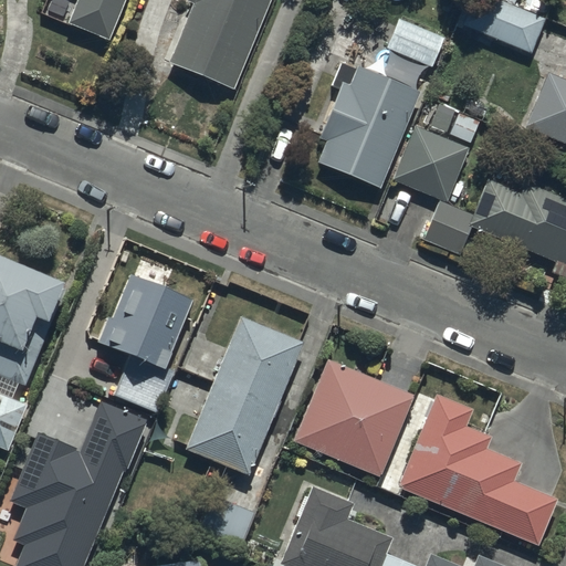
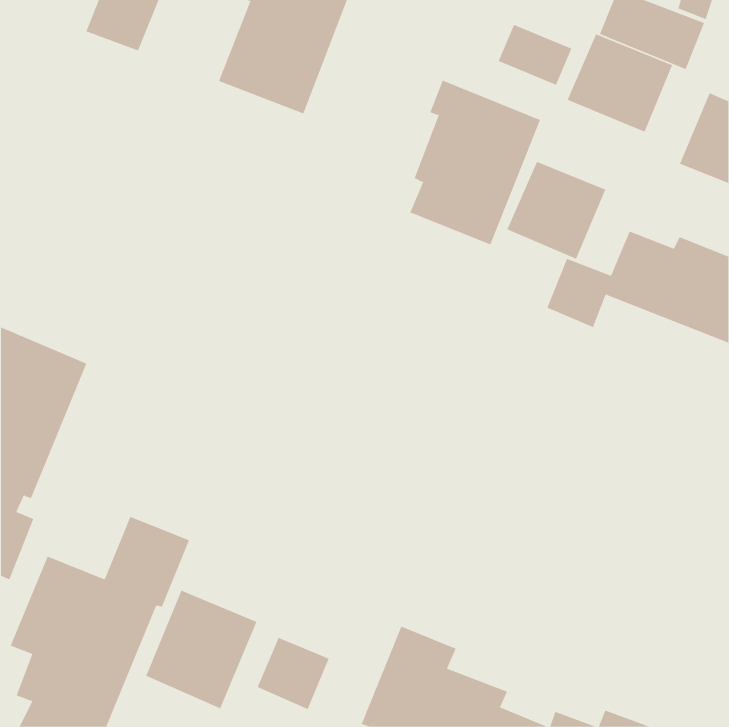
building: none -> [567,33,673,133]
building: [96,273,192,412] -> none
building: [180,314,305,474] -> none
building: [294,358,413,476] -> none
building: [397,394,558,544] -> none
building: none -> [146,590,257,709]

